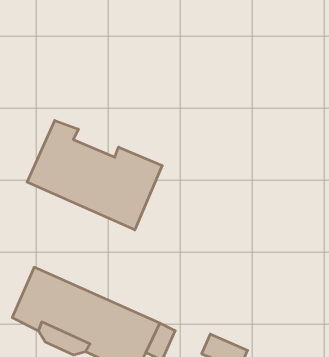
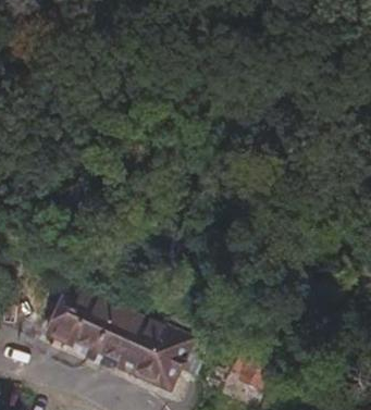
building: [27,120,162,230] -> none

